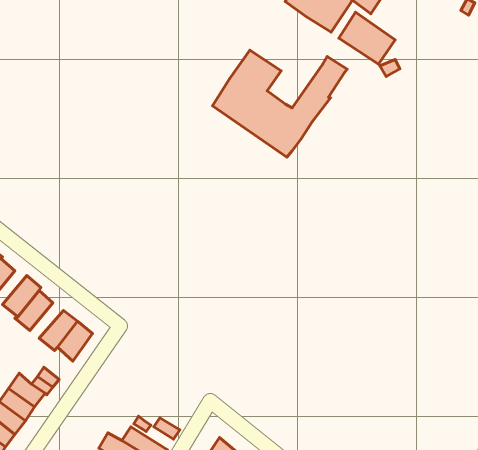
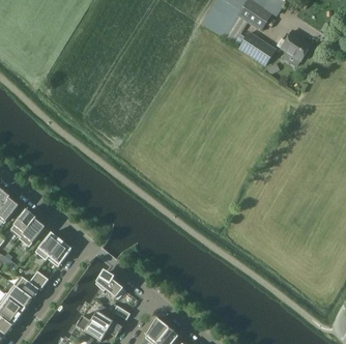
building: none -> [280,30,310,59]
building: [212,50,347,157] -> none
building: none -> [94,268,125,298]

